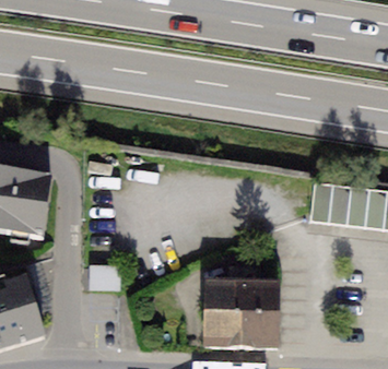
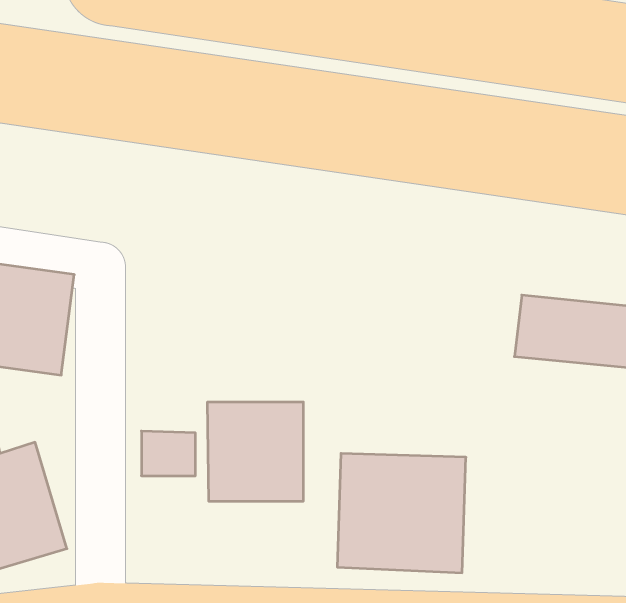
building: none -> [208,402,303,501]

